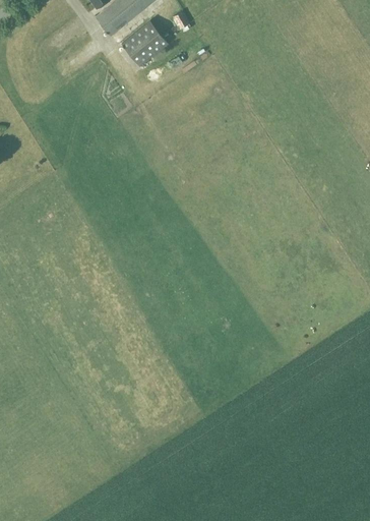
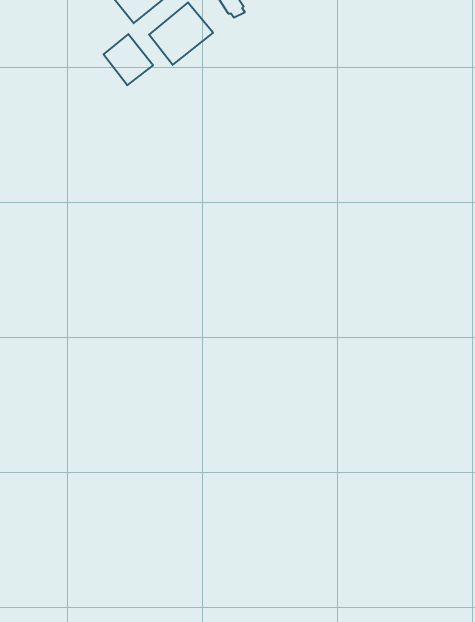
building: none -> [104,34,153,85]

